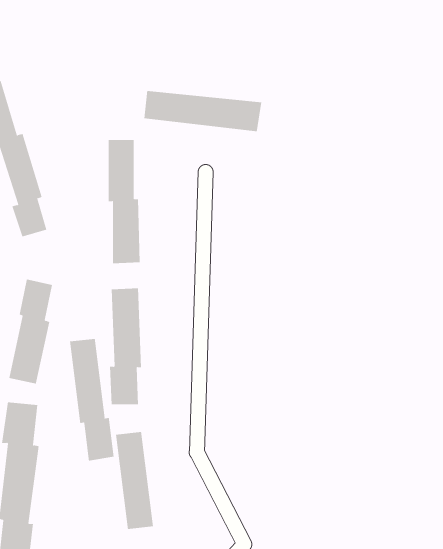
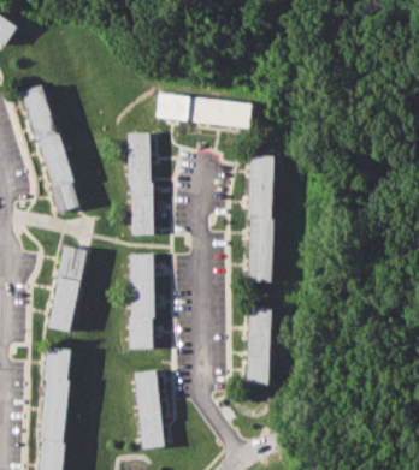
building: none -> [247,154,276,284]
building: [69,338,114,461] -> none
building: none -> [246,308,272,386]

